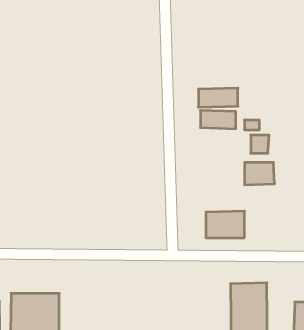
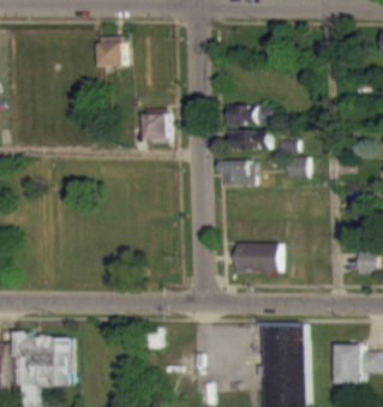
building: none -> [100,36,125,66]
building: none -> [145,109,169,142]
building: [245,162,275,185] -> [221,161,255,186]

